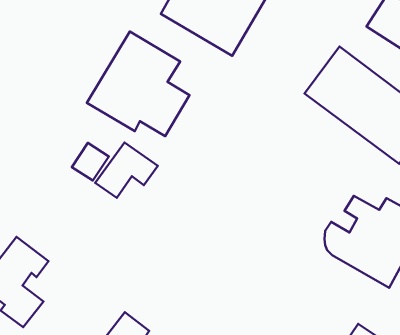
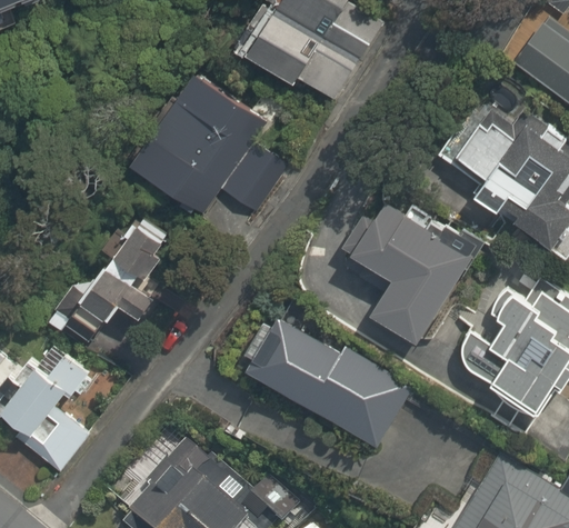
building: none -> [347,203,467,341]
building: [95,143,158,198] -> [72,265,156,338]
building: none -> [246,315,397,438]

